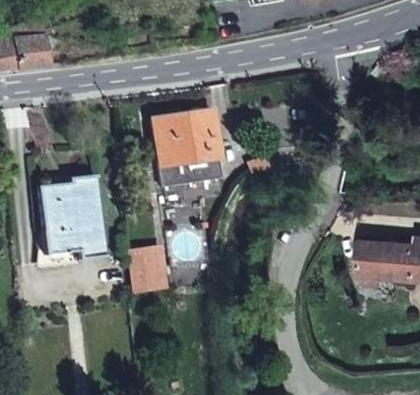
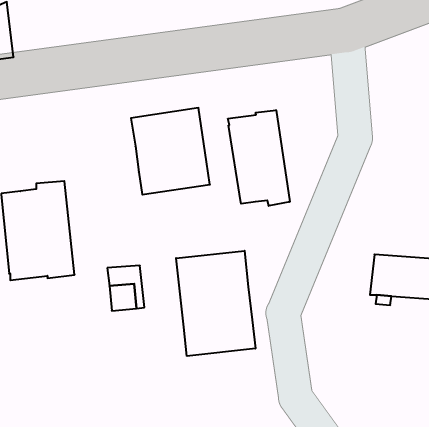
building: none -> [228,110,290,206]
building: none -> [176,251,255,356]

